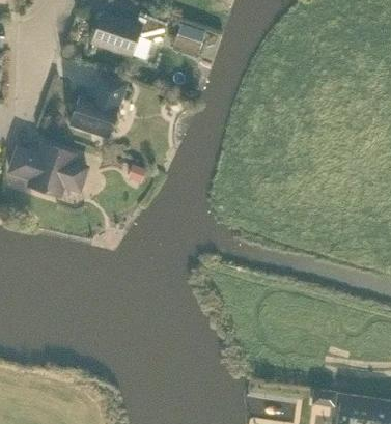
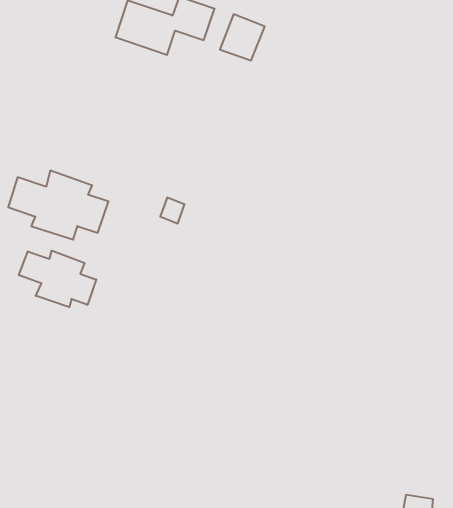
building: [69,76,124,137] -> none
building: none -> [19,251,96,307]

